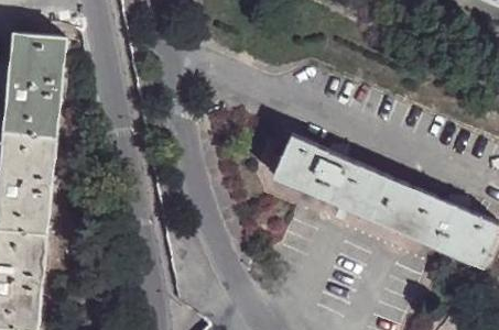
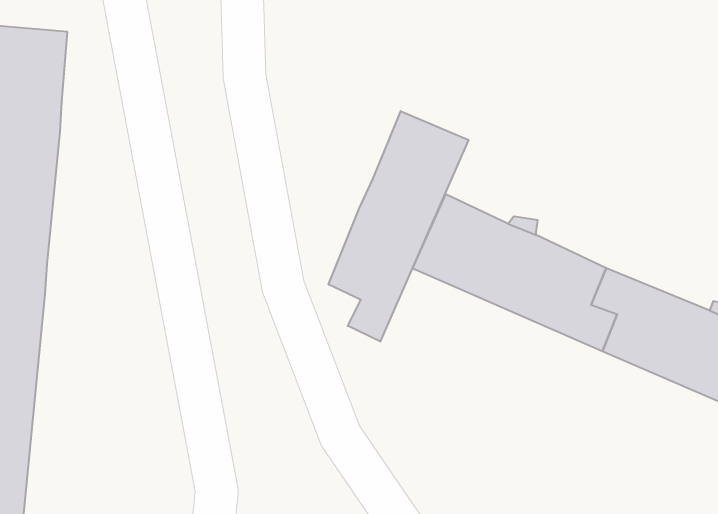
building: none -> [328,111,468,342]

